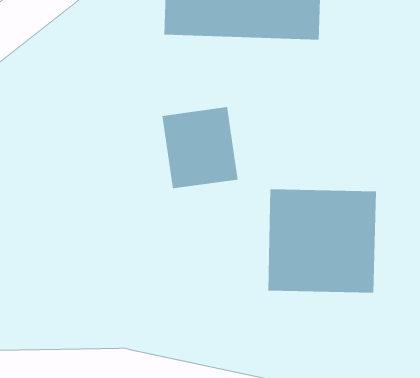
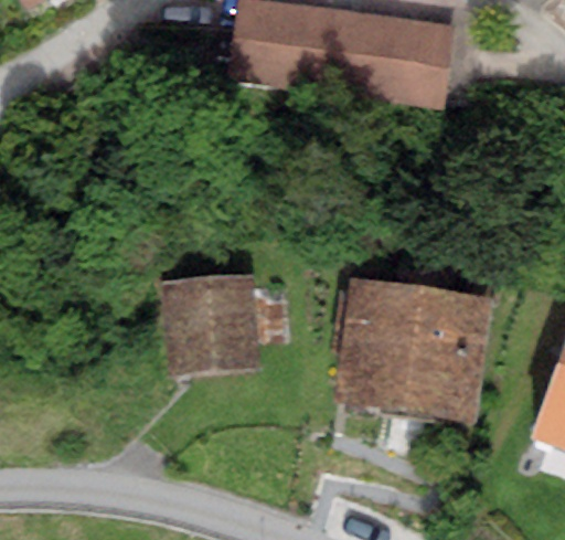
building: [162,107,238,189] -> [166,275,253,370]

